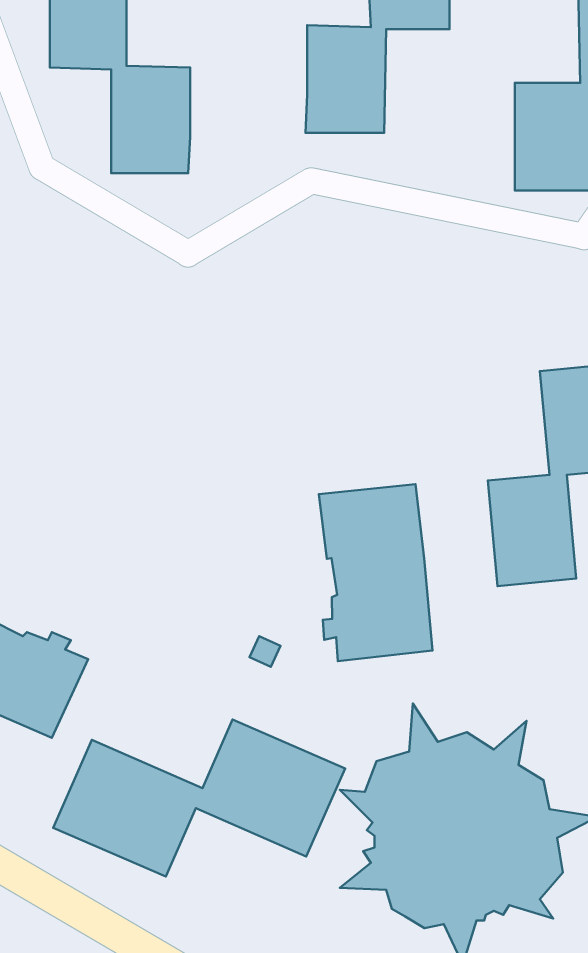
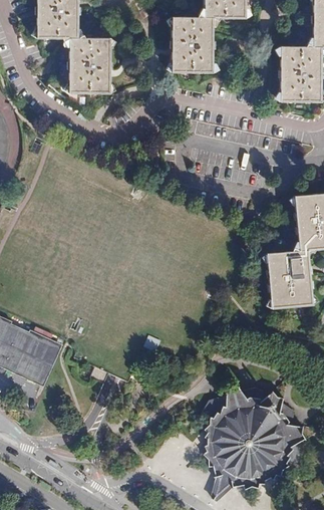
building: [319,484,432,661] -> none
building: [53,720,345,877] -> none

